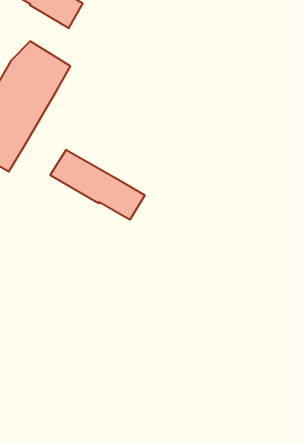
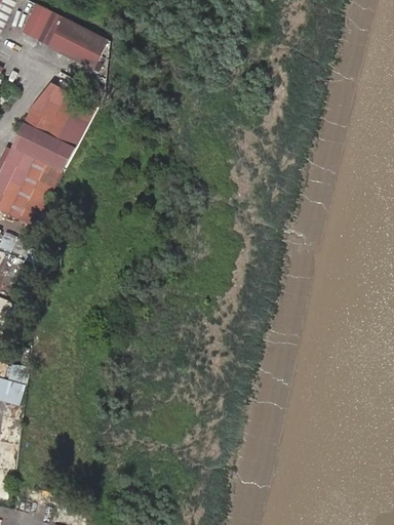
building: [50,150,145,220] -> none

